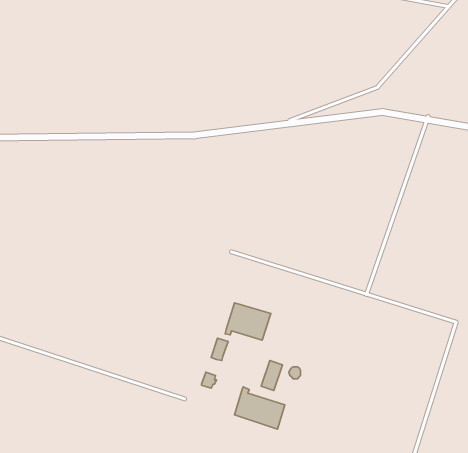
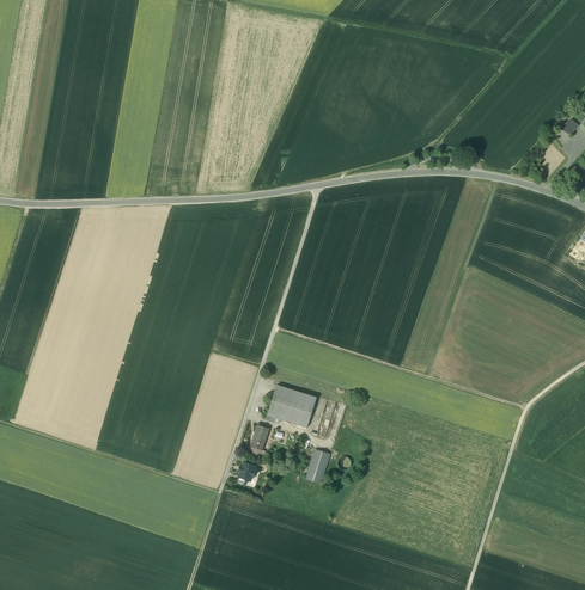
building: [234,387,285,429] -> none

